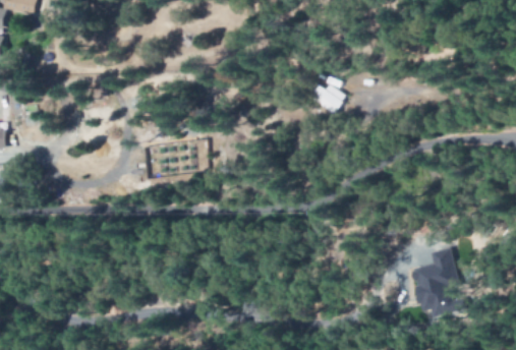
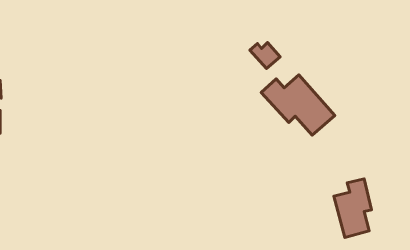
building: none -> [261,75,335,135]

